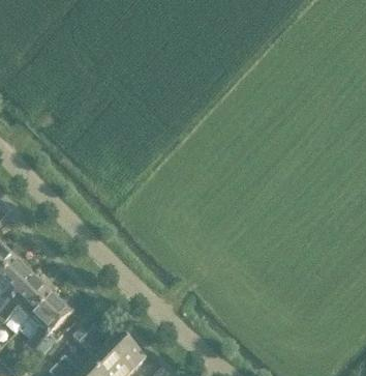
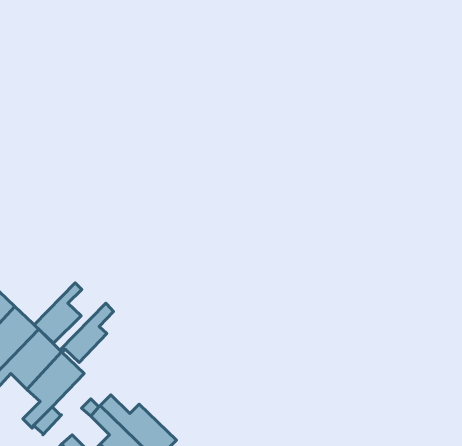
building: none -> [34,283,82,343]
building: none -> [60,303,113,363]

